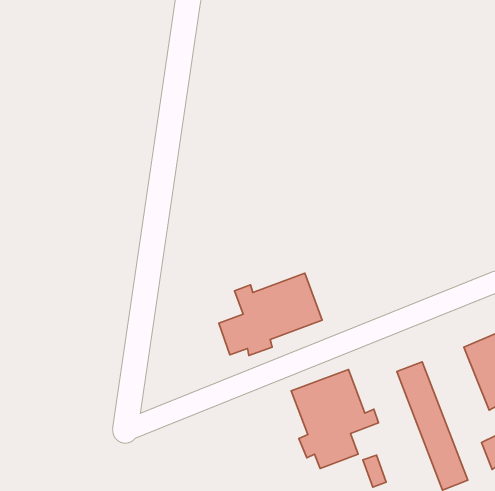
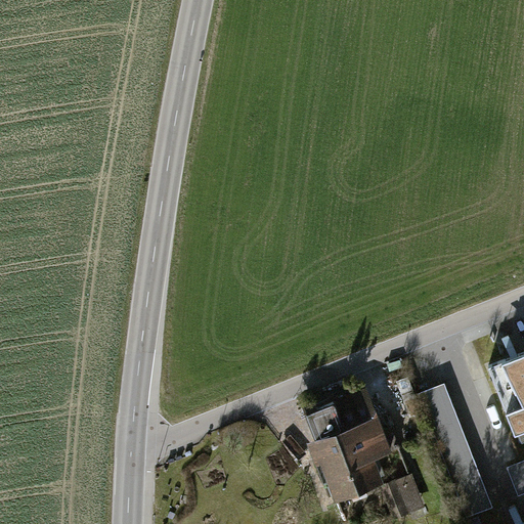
building: [219,273,322,355] -> none

